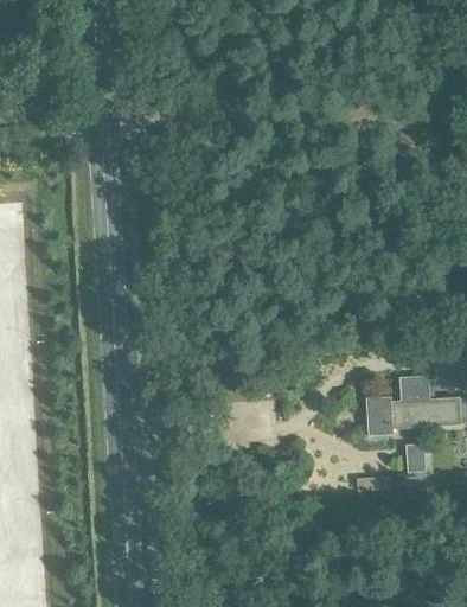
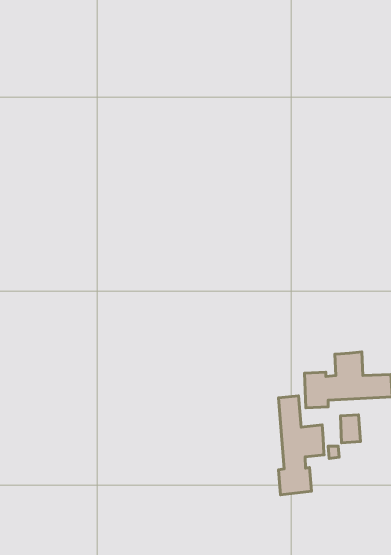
building: none -> [278,396,324,495]

